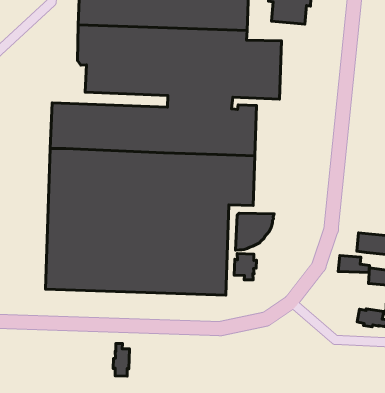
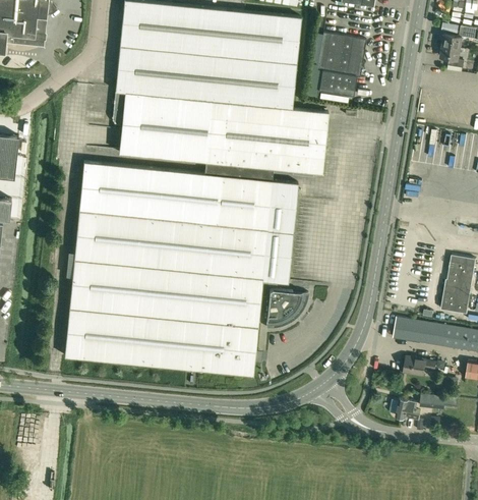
building: [234,254,257,280] -> none
building: [338,255,370,272] -> none
building: [113,343,130,376] -> none

